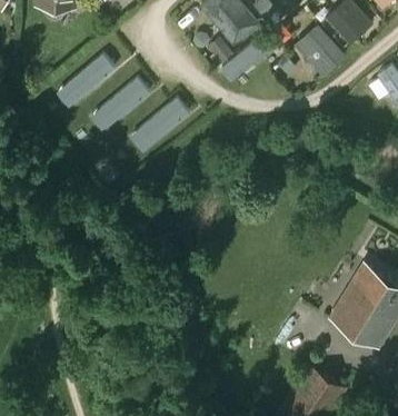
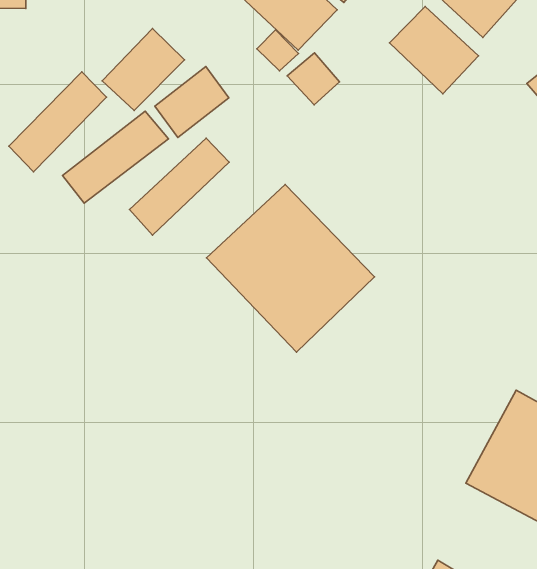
building: none -> [102,29,184,111]
building: none -> [155,66,229,138]
building: none -> [207,184,374,352]

